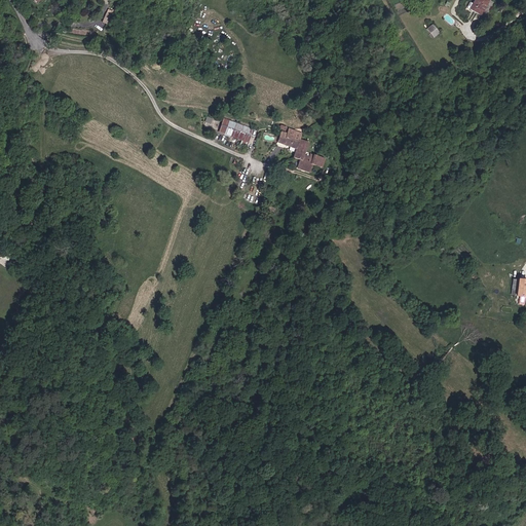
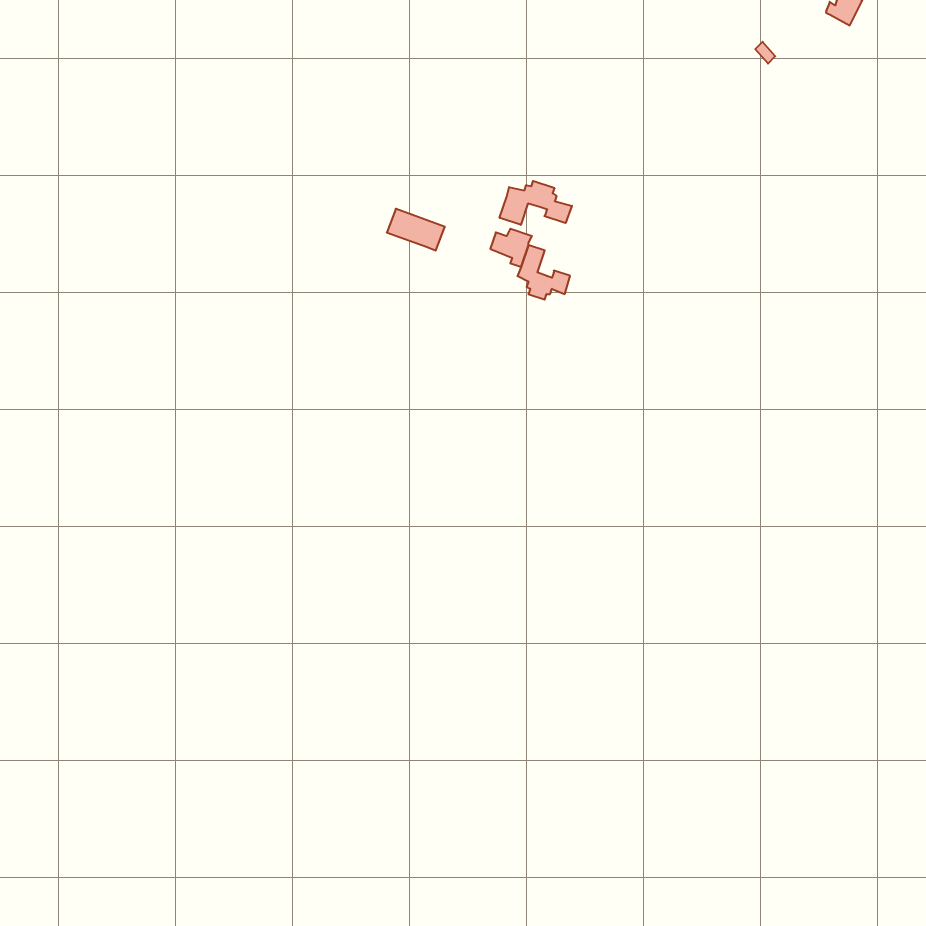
building: none -> [500,181,572,225]

